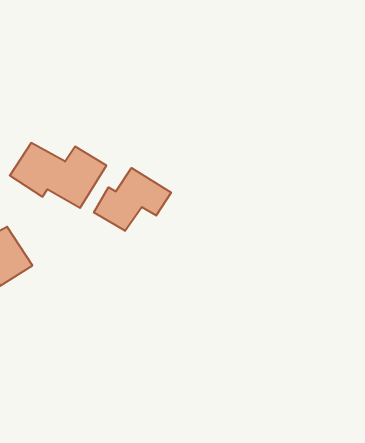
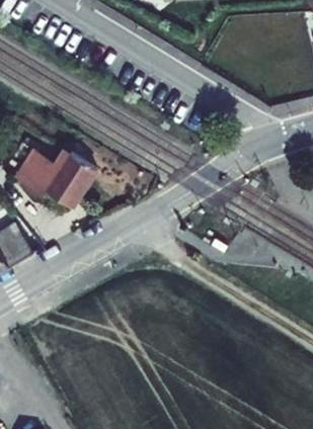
building: [94,168,171,231] -> none

